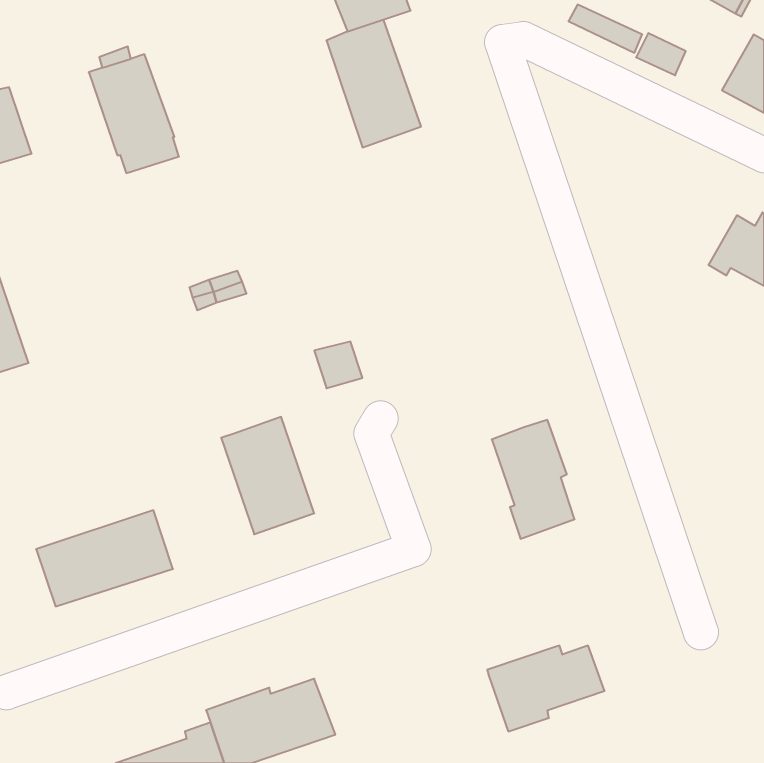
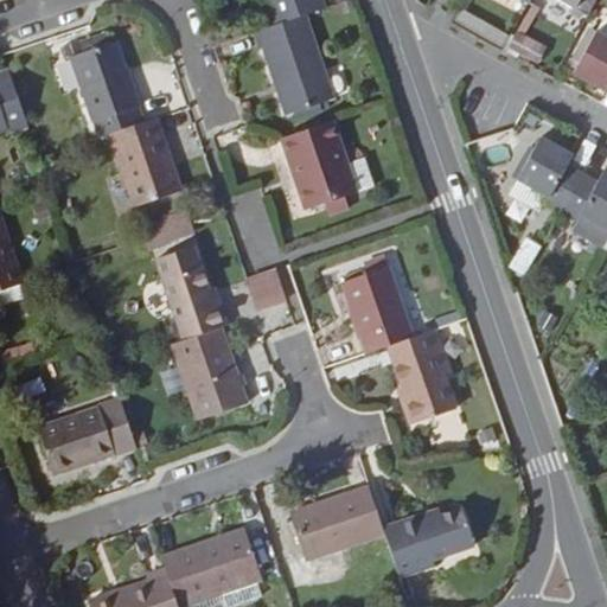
building: none -> [109,119,179,207]
building: none -> [281,123,356,212]
building: none -> [515,133,581,209]
building: none -> [158,245,228,341]
building: none -> [344,266,413,353]
building: none -> [290,487,385,561]

